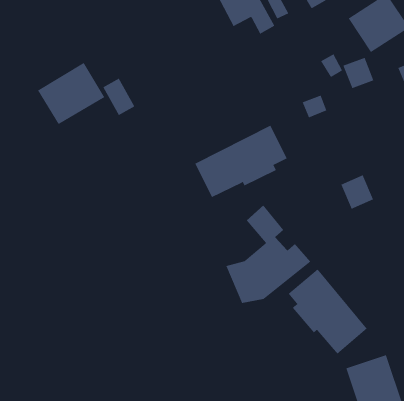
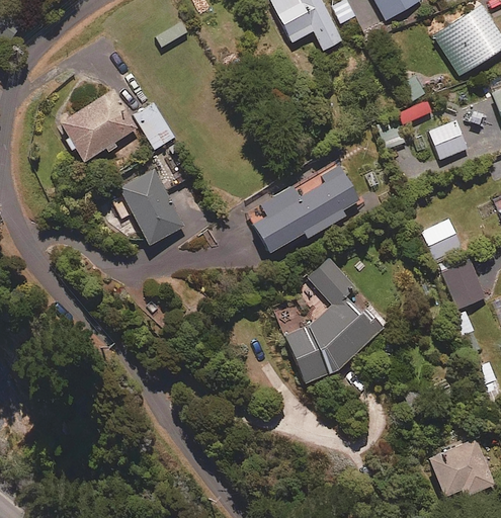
building: [342,57,374,89] -> [430,122,469,161]
building: none -> [120,170,185,246]
building: none -> [443,261,487,313]
building: [288,269,367,355] -> none

